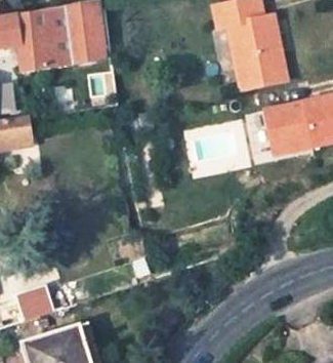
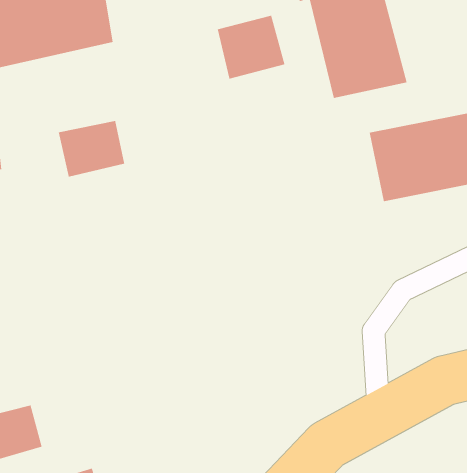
building: none -> [217,15,285,80]
building: none -> [58,120,125,177]

